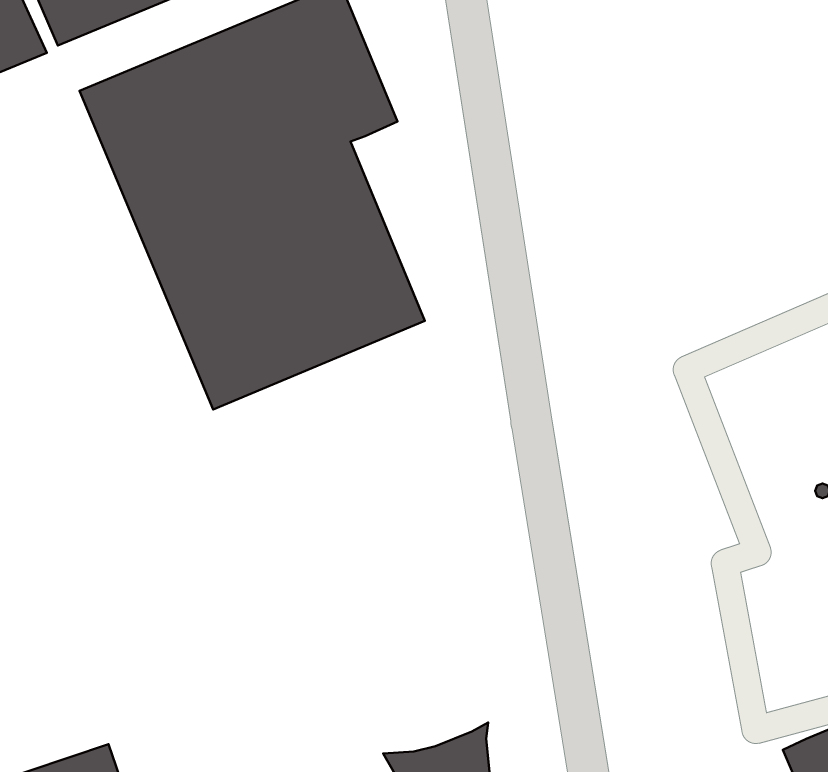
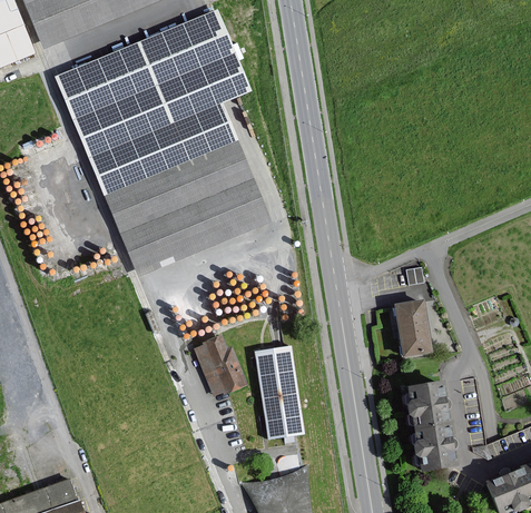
building: none -> [396,302,430,355]
building: none -> [195,337,244,398]
building: none -> [255,347,301,438]
building: none -> [405,382,455,468]

